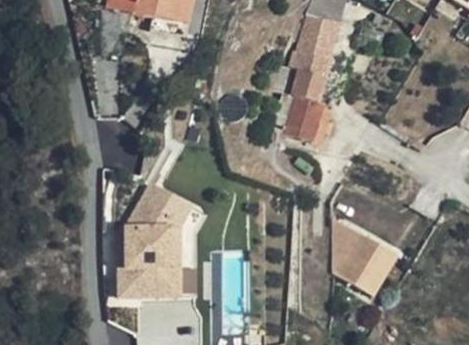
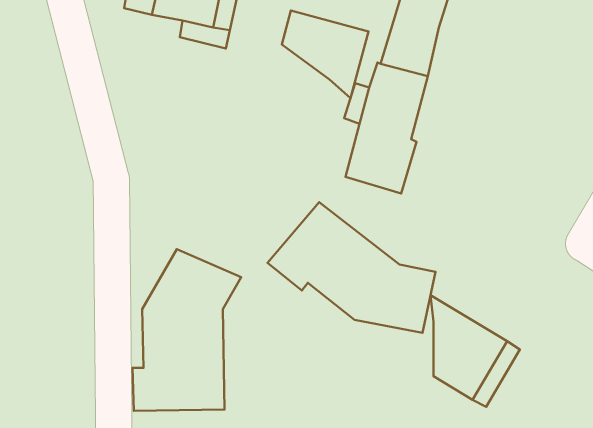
building: none -> [282,10,368,98]
building: none -> [268,202,436,333]

